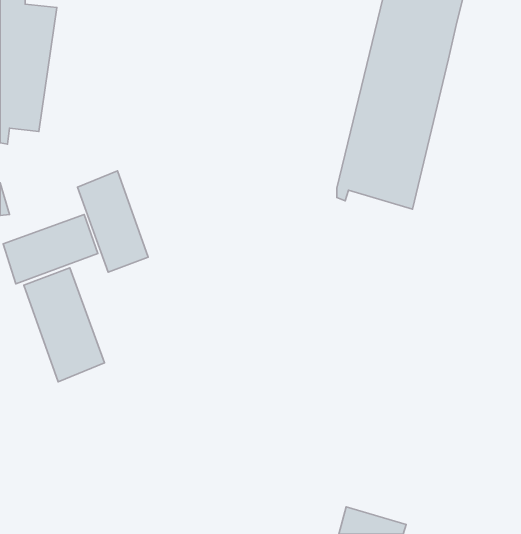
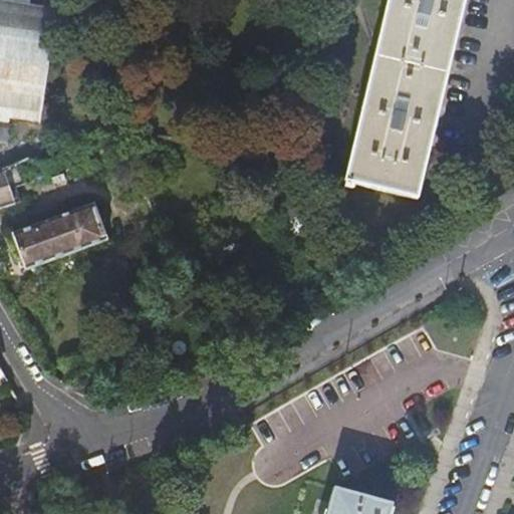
building: [77,171,148,272] -> none
building: [24,268,105,382] -> none

